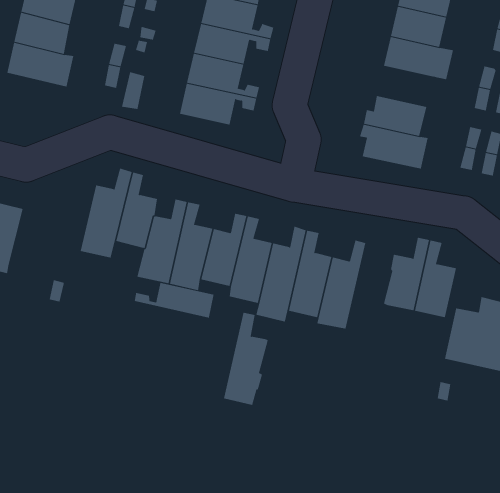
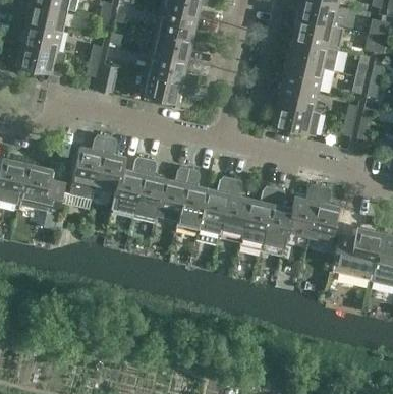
building: none -> [283,60,334,92]
building: none -> [19,163,67,213]
building: [134,282,214,319] -> none
building: [223,312,268,406] -> [262,187,294,255]

